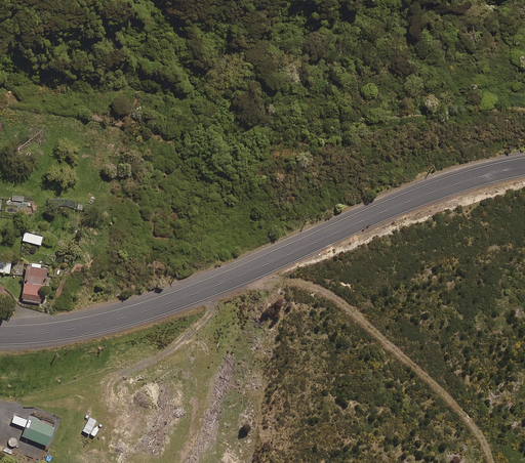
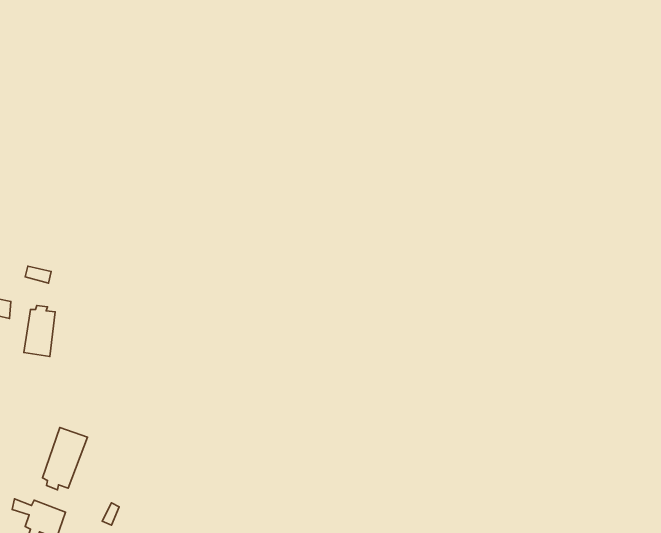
building: none -> [42,428,88,490]

